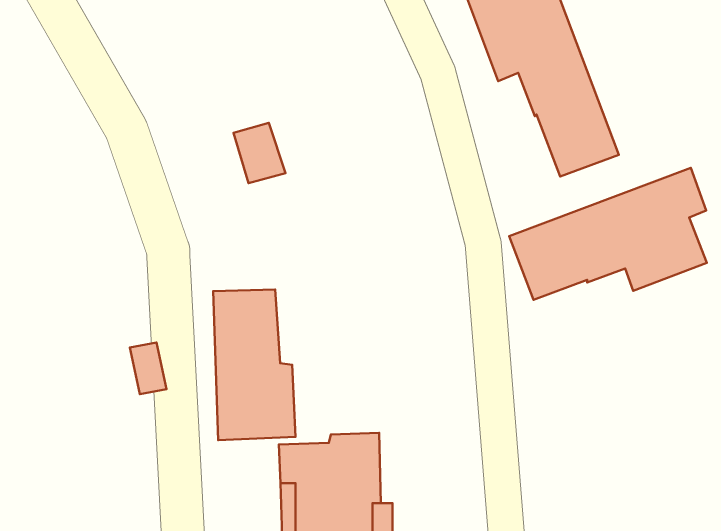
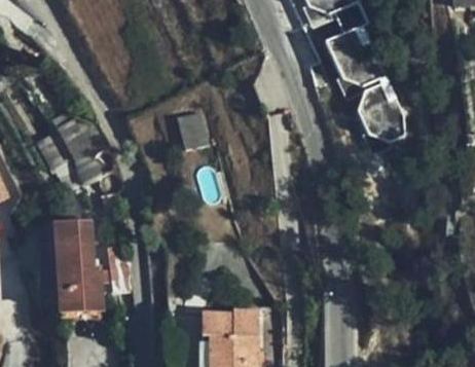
building: [509,168,707,300] -> none
building: [213,289,295,440] -> [50,219,101,311]

